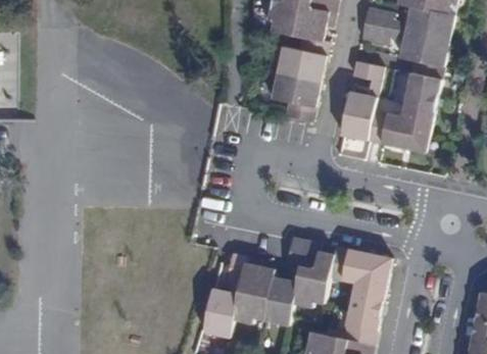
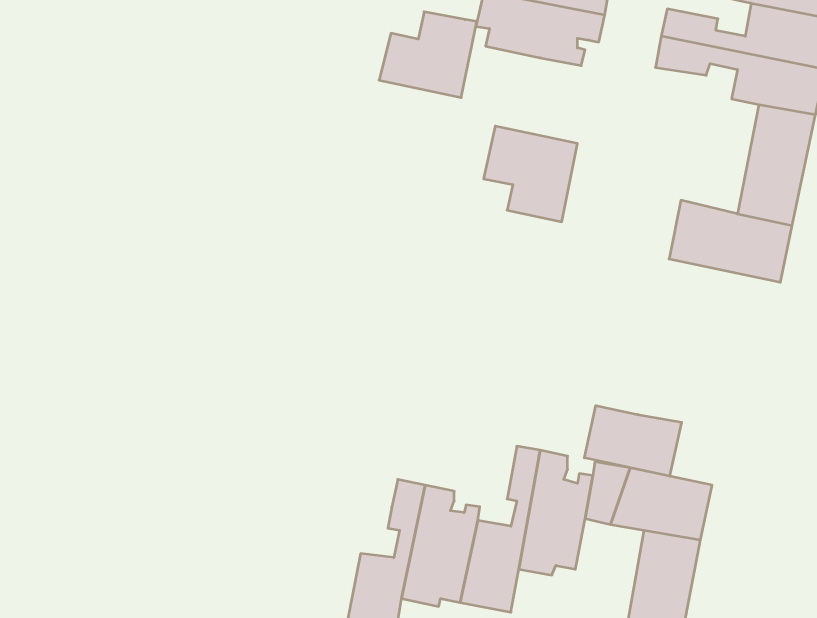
building: [277,35,328,80] -> [379,12,477,98]
building: [341,62,382,140] -> none
building: none -> [584,406,682,476]

